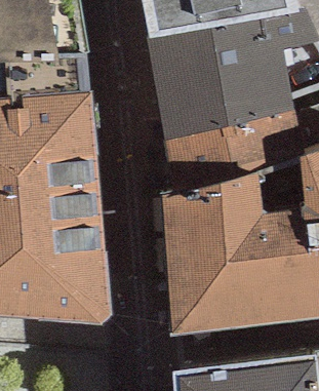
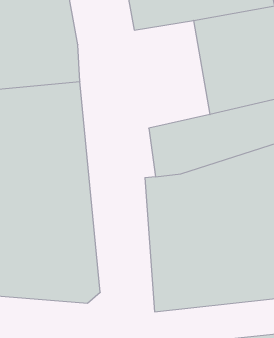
building: [145,27,229,141] -> none

